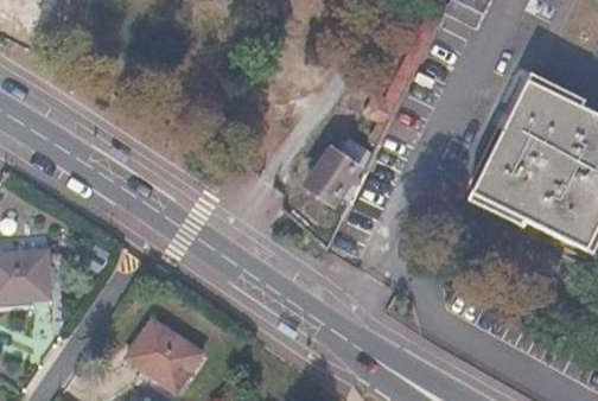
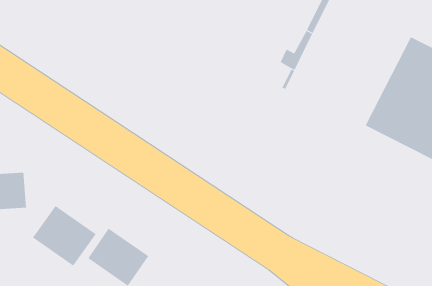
building: [311,154,361,200] -> none
building: none -> [32,205,96,267]

